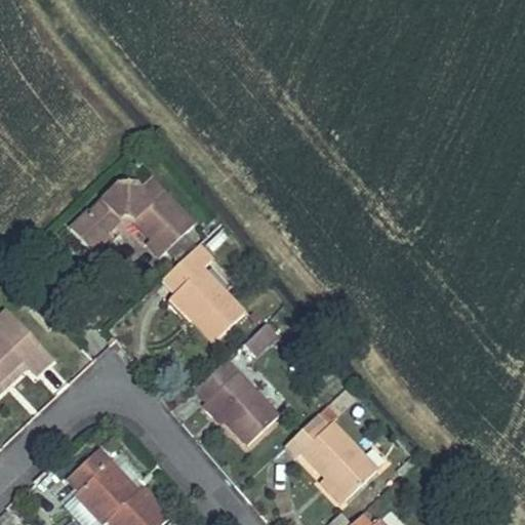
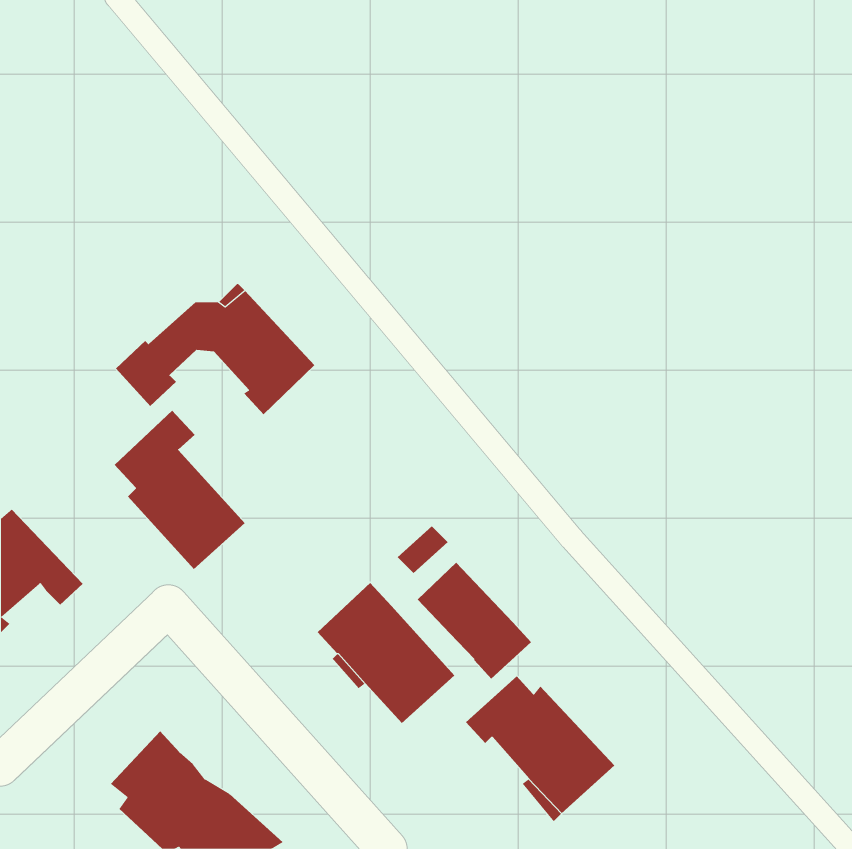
building: [163,243,244,341] -> [114,410,246,570]
building: none -> [417,562,532,679]

